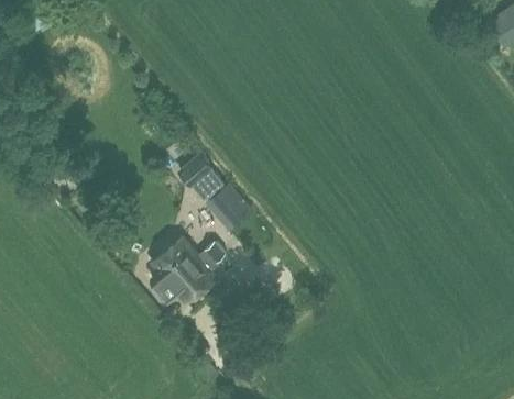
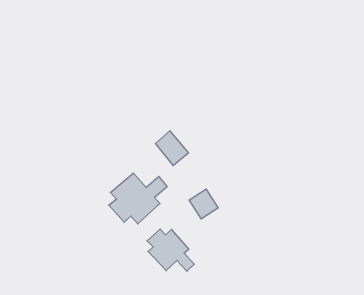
building: [179,154,225,201] -> none
building: none -> [147,229,194,271]

